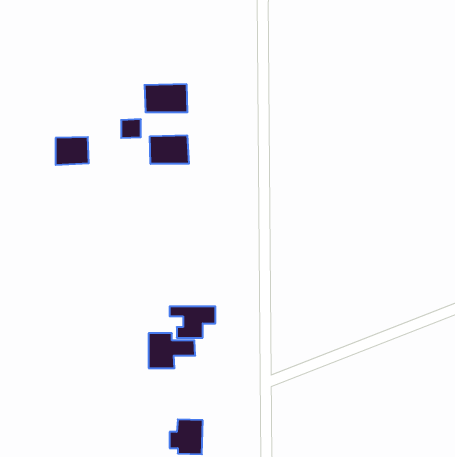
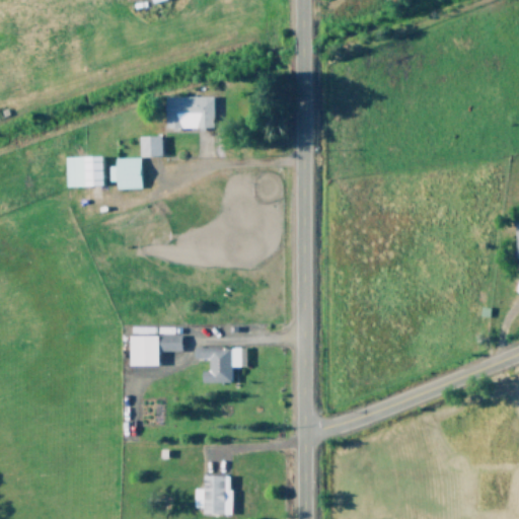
building: [150,135,189,164] -> none
building: none -> [110,157,143,189]
building: [149,333,195,368] -> [131,326,183,366]

